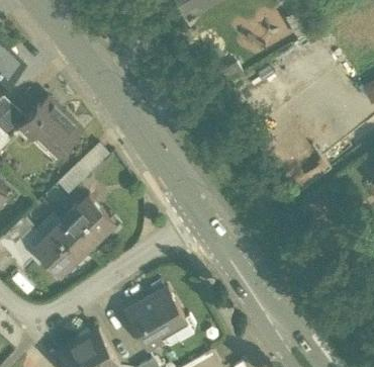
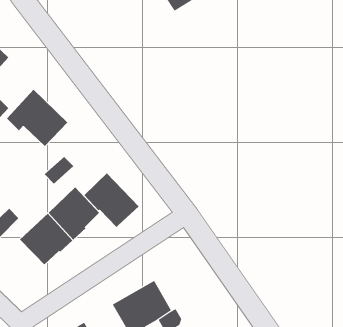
building: none -> [83,172,139,229]

